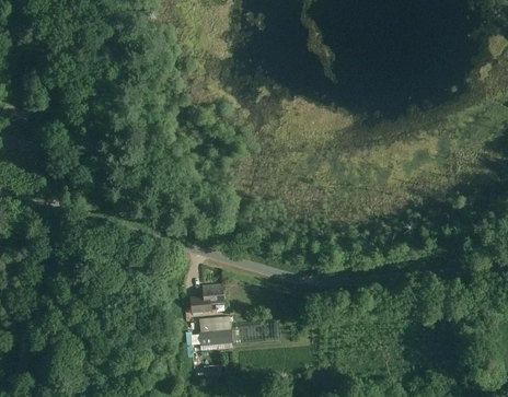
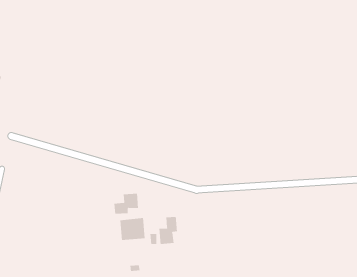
building: none -> [159,216,177,245]

